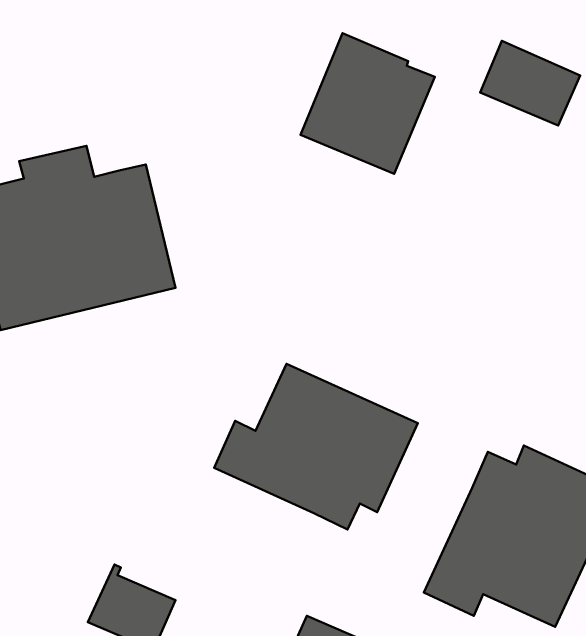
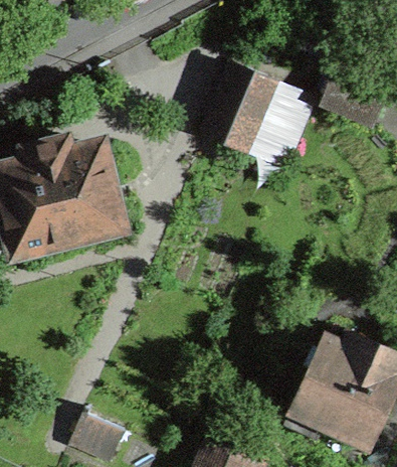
building: [214,364,418,529] -> none

